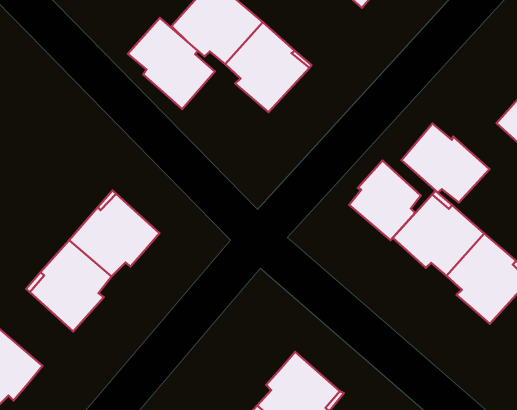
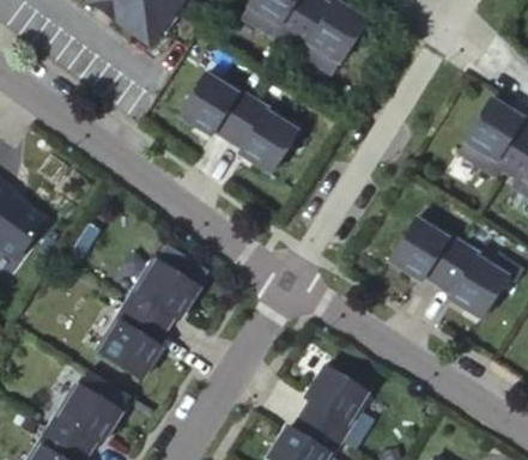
building: [128,18,215,109] -> none
building: [402,124,490,203] -> none
building: [349,161,421,240] -> none

